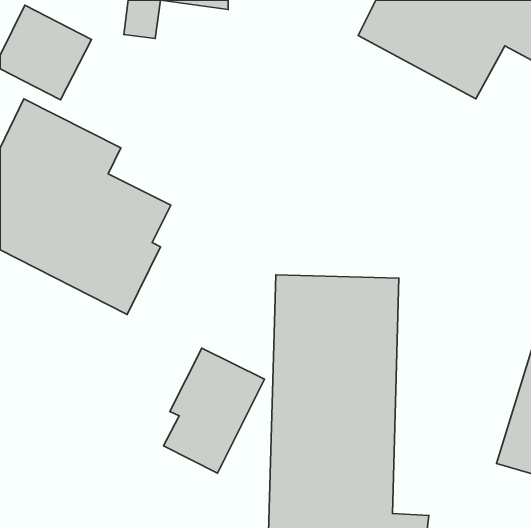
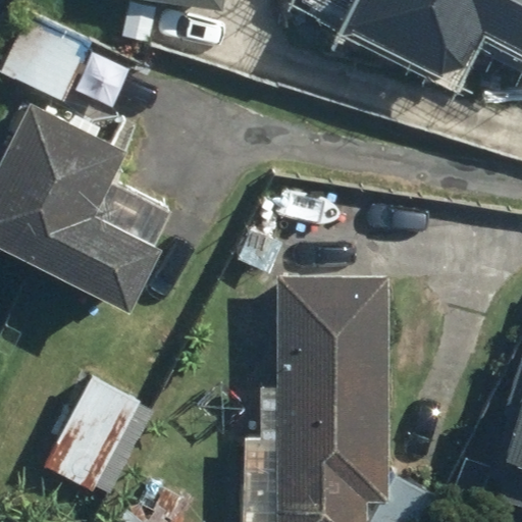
building: [163,348,264,473] -> [53,376,152,499]

